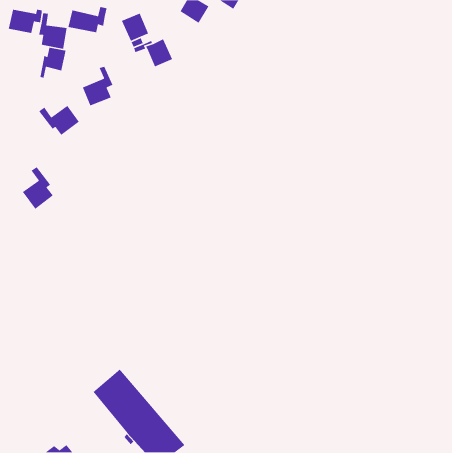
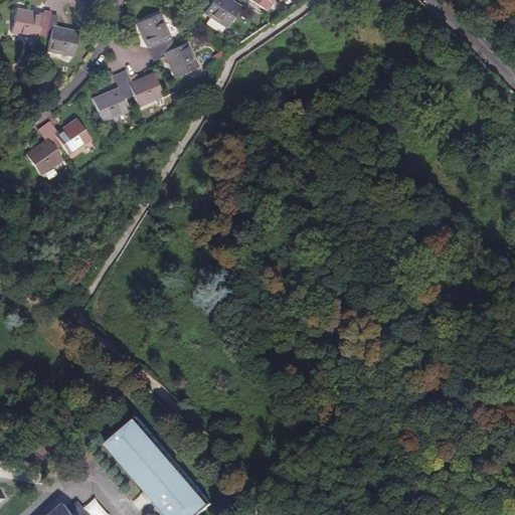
building: [67,6,108,33] -> none
building: [39,47,67,79] -> none
building: none -> [119,71,162,106]
building: [22,166,54,210] -> [26,126,62,175]

